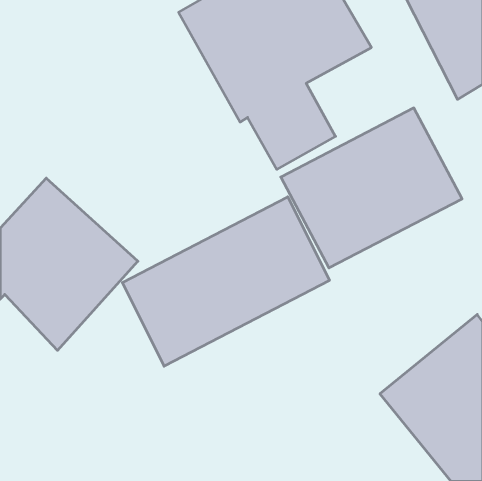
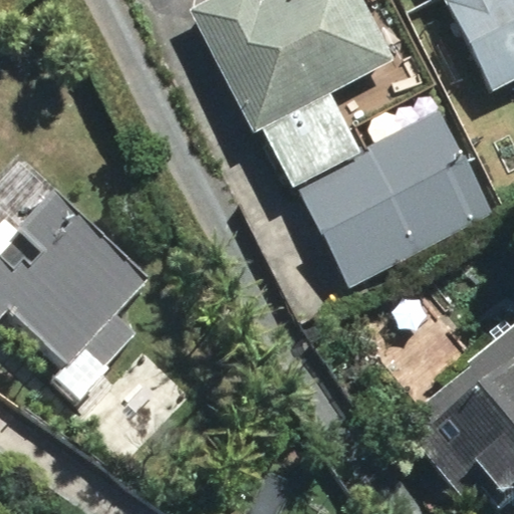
building: [122,197,329,366] -> none

